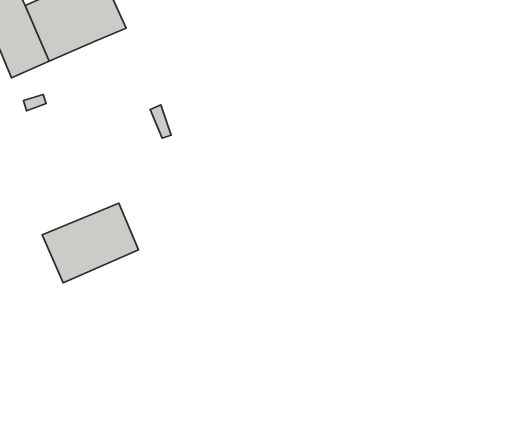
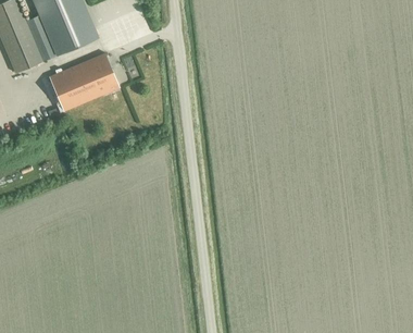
building: [42,203,139,283] -> [49,53,118,111]

